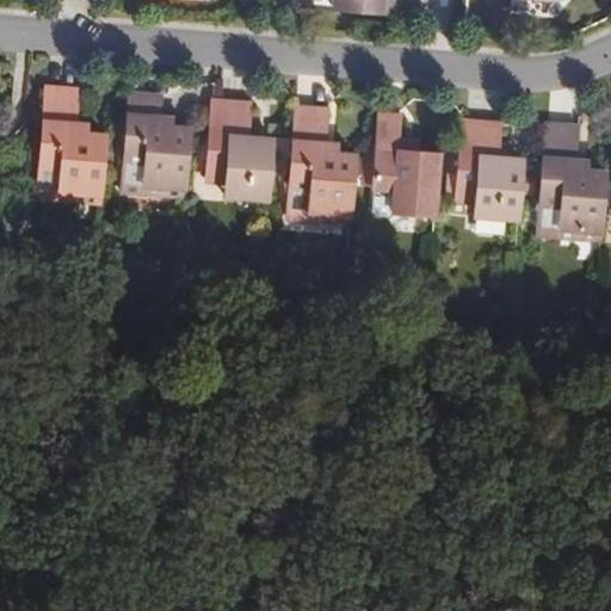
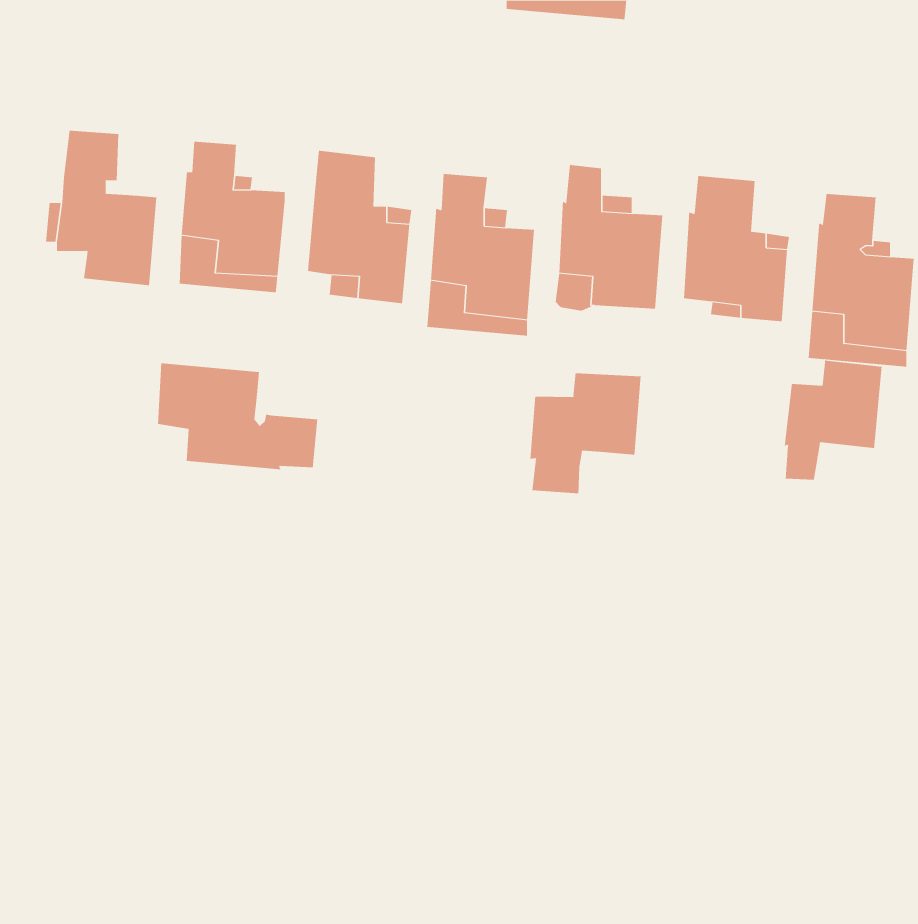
building: [38,166,103,202] -> none
building: none -> [784,360,882,481]
building: none -> [157,362,318,470]
building: none -> [530,373,641,494]

